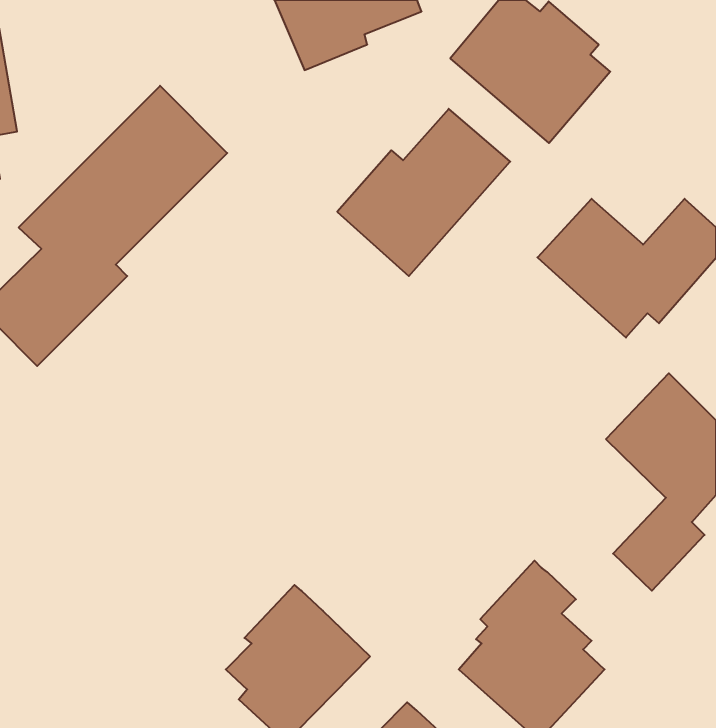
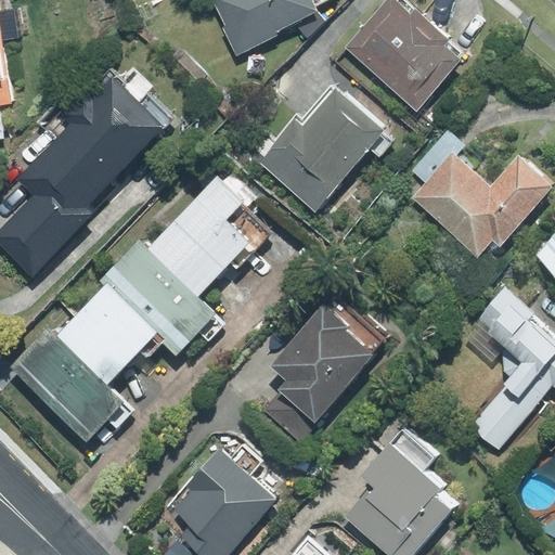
building: none -> [12,175,257,441]
building: none -> [260,304,380,443]

